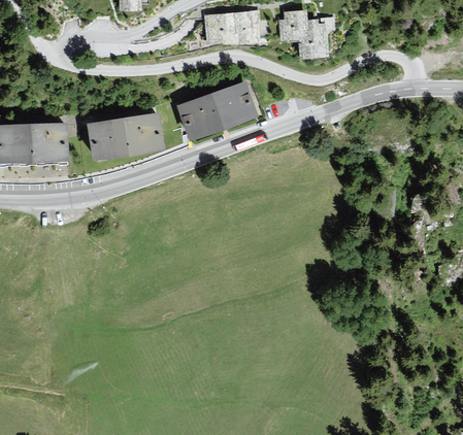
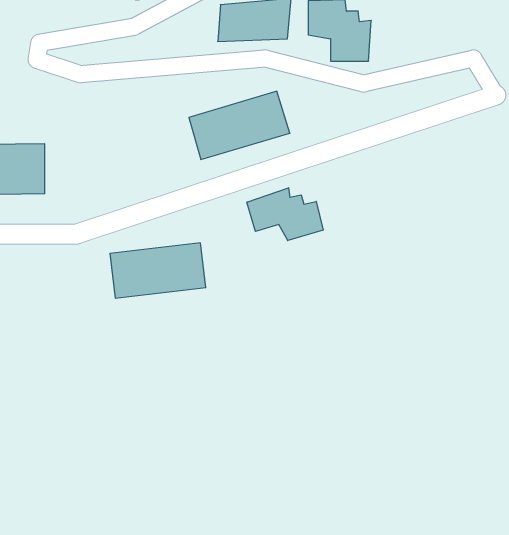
building: [87,113,162,157] -> [110,243,206,298]
building: none -> [247,188,323,241]

